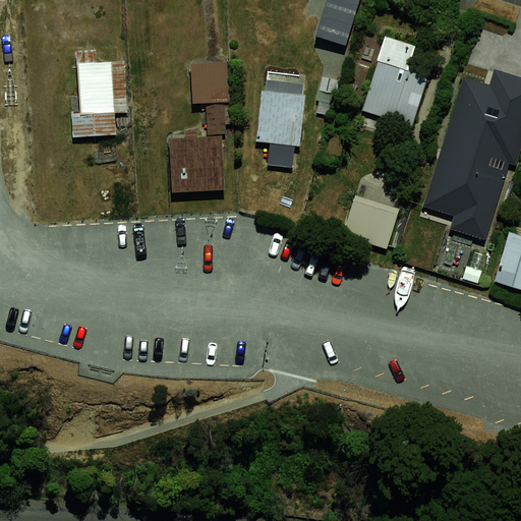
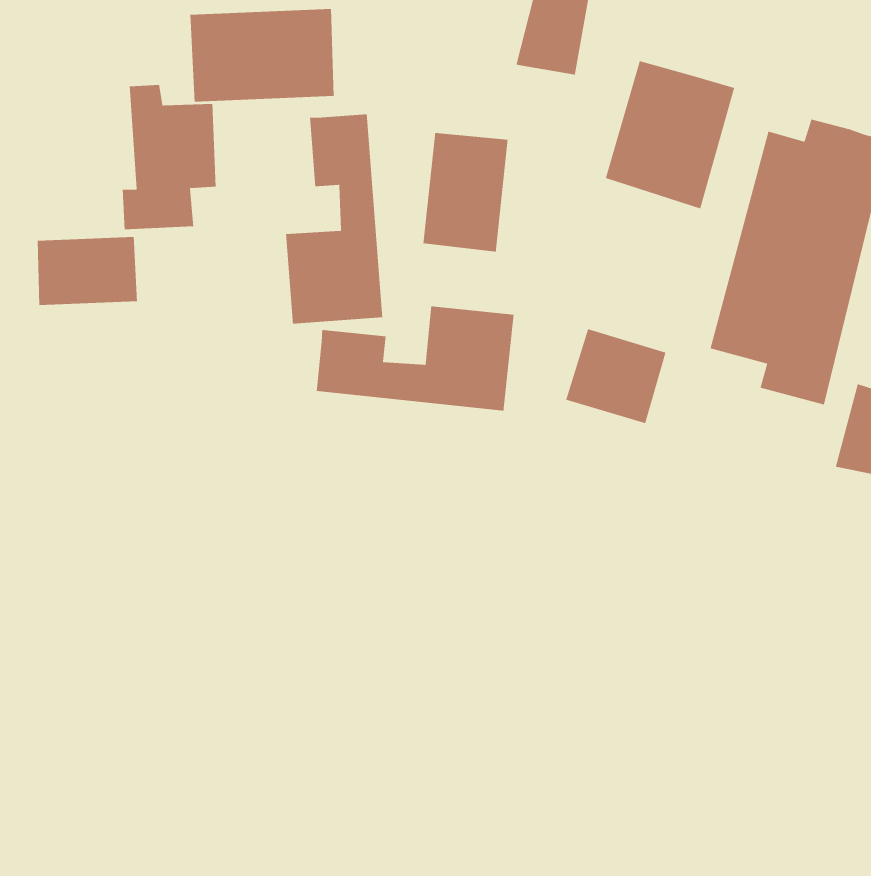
building: none -> [189,8,334,103]
building: none -> [37,236,138,306]
building: none -> [316,305,514,411]

